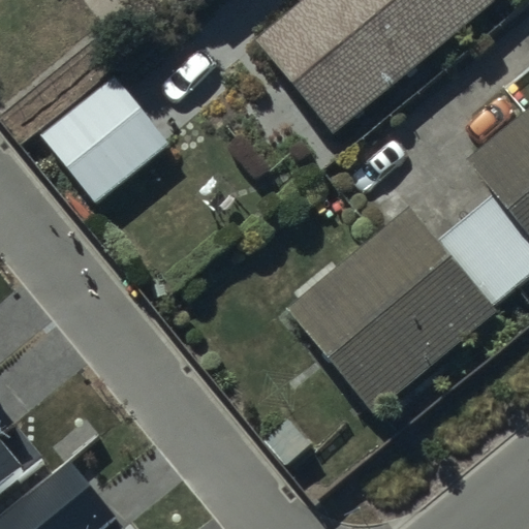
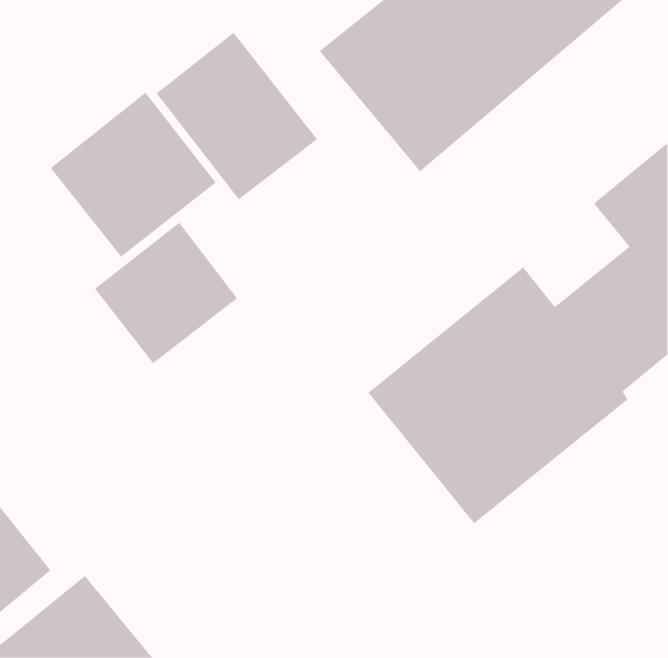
building: none -> [156,32,318,200]
building: none -> [94,222,238,364]

